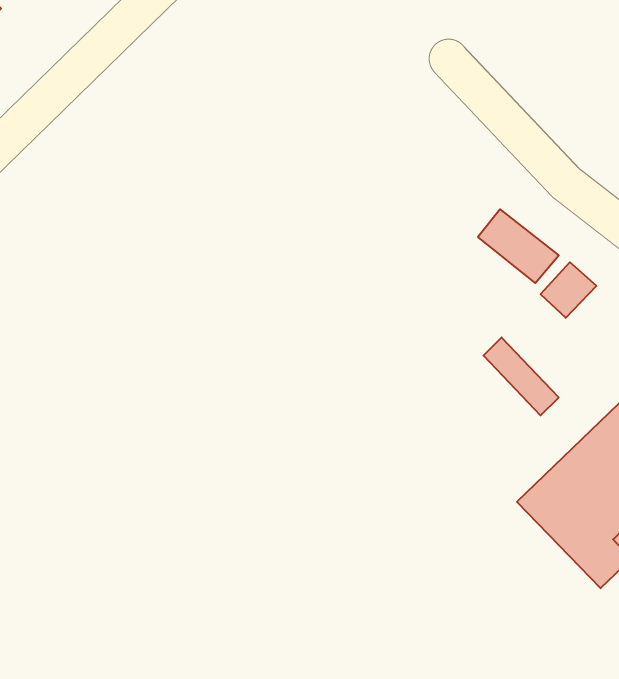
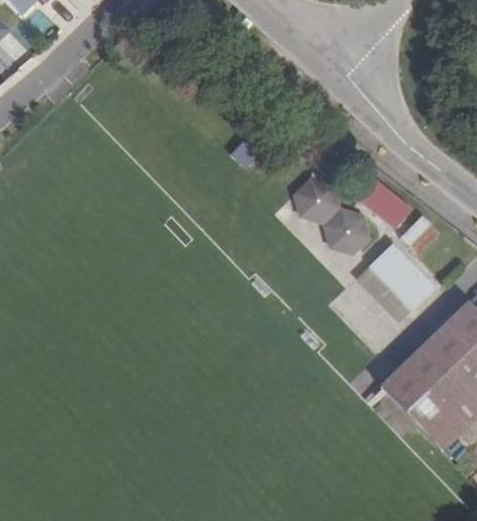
building: none -> [301,178,367,253]
building: none -> [370,244,435,310]

